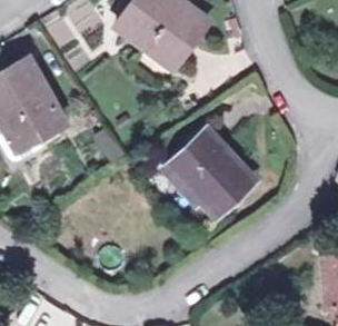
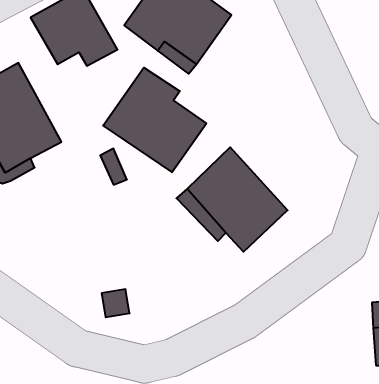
building: none -> [103,68,206,172]

